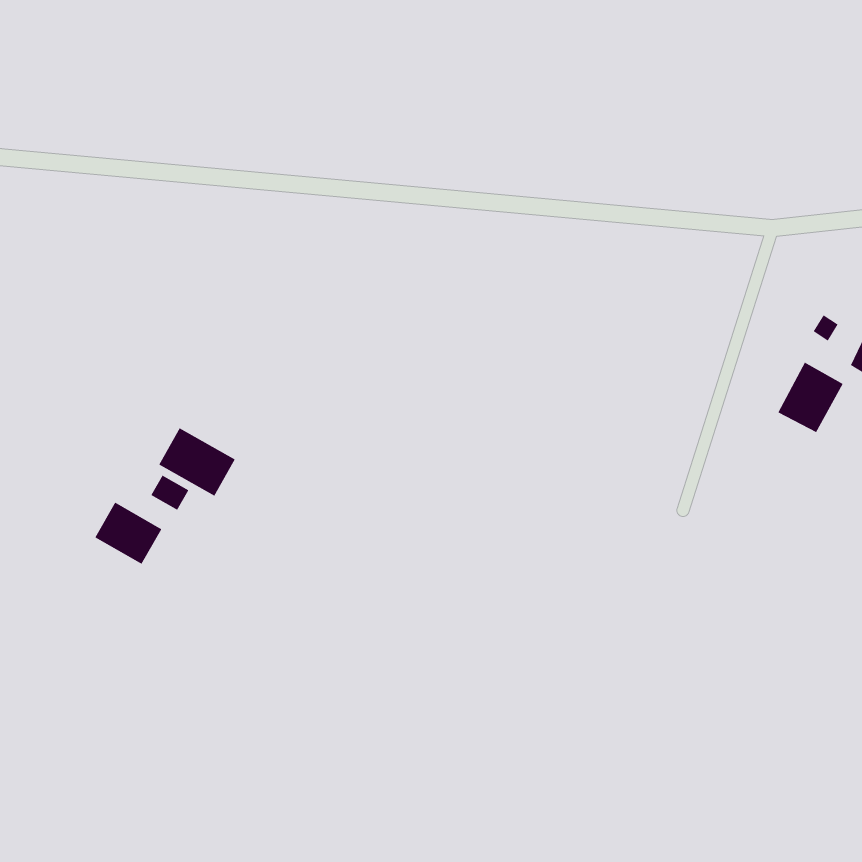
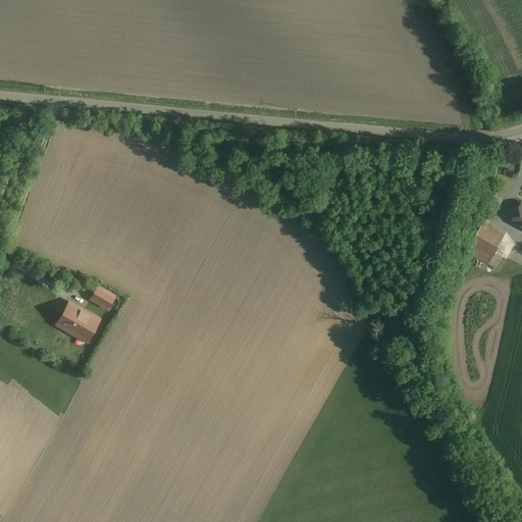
building: [159,428,236,496] -> none

